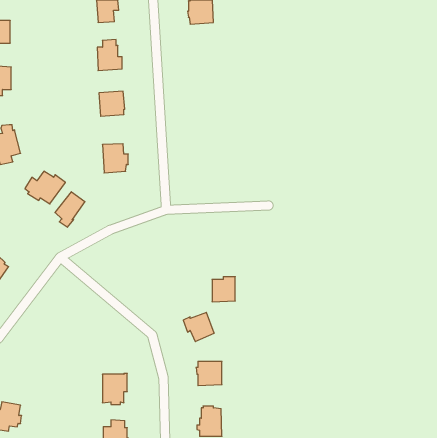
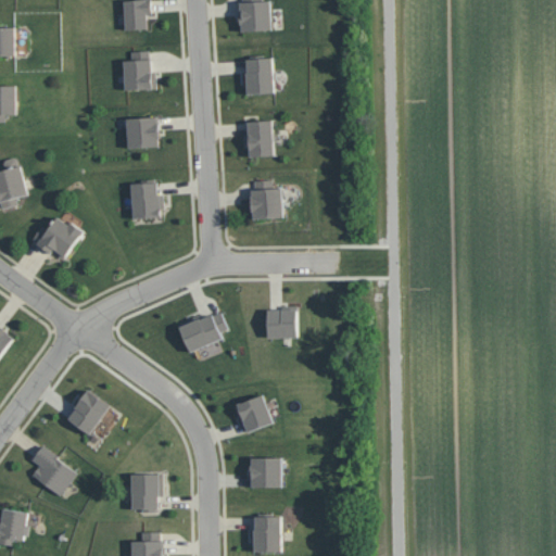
building: none -> [240,59,273,96]
building: none -> [245,122,273,157]
building: none -> [249,180,281,220]
building: [55,192,85,227] -> none
building: none -> [177,313,226,353]
building: [212,277,235,302] -> [266,307,295,339]
building: none -> [67,391,109,434]
building: none -> [30,446,75,496]

